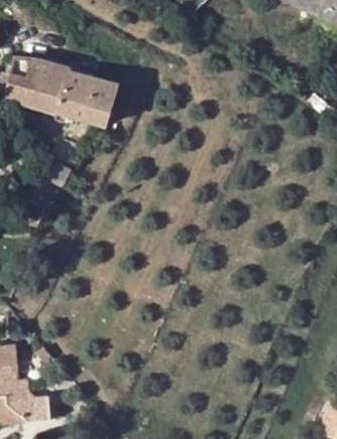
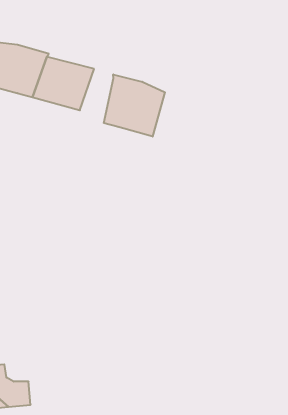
building: none -> [104,74,165,137]

